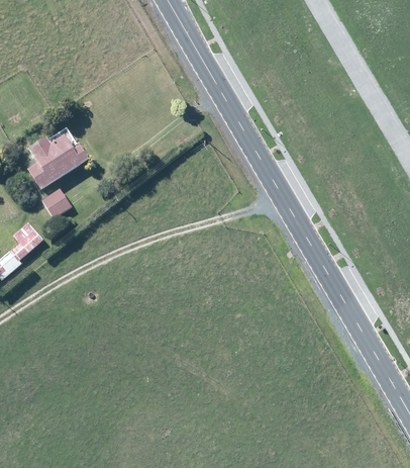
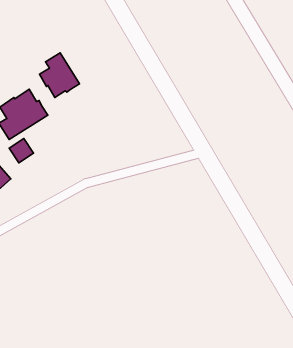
building: none -> [39,53,80,98]

